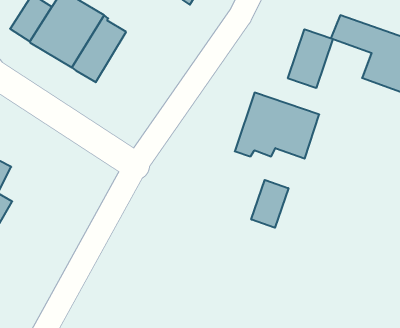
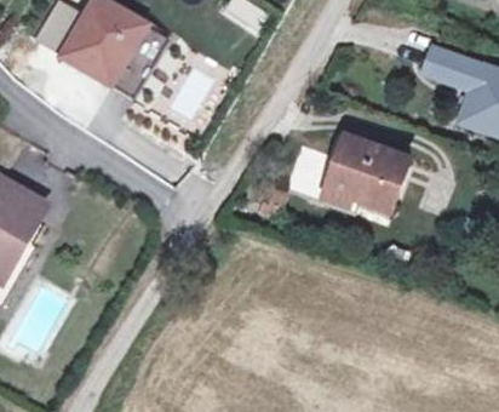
building: [288,29,333,88] -> none
building: [251,180,288,228] -> none

